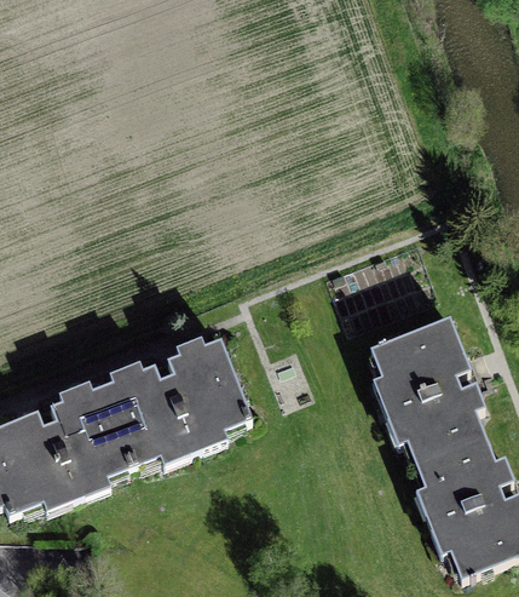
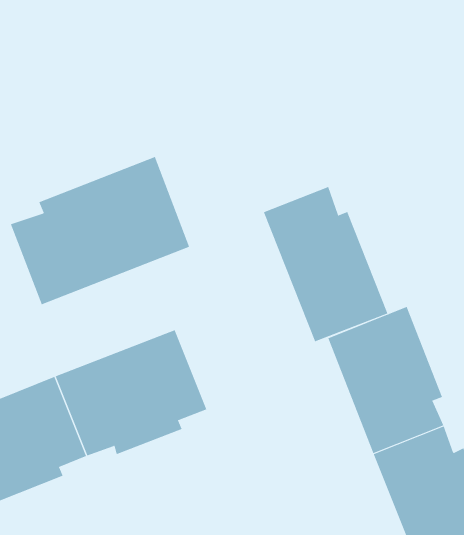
building: none -> [10,156,190,305]
building: none -> [263,186,388,342]

